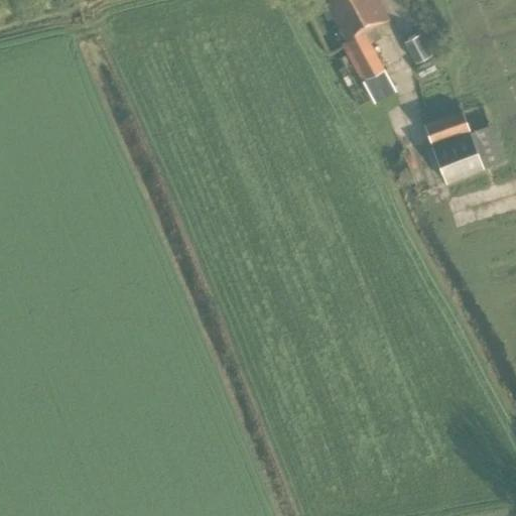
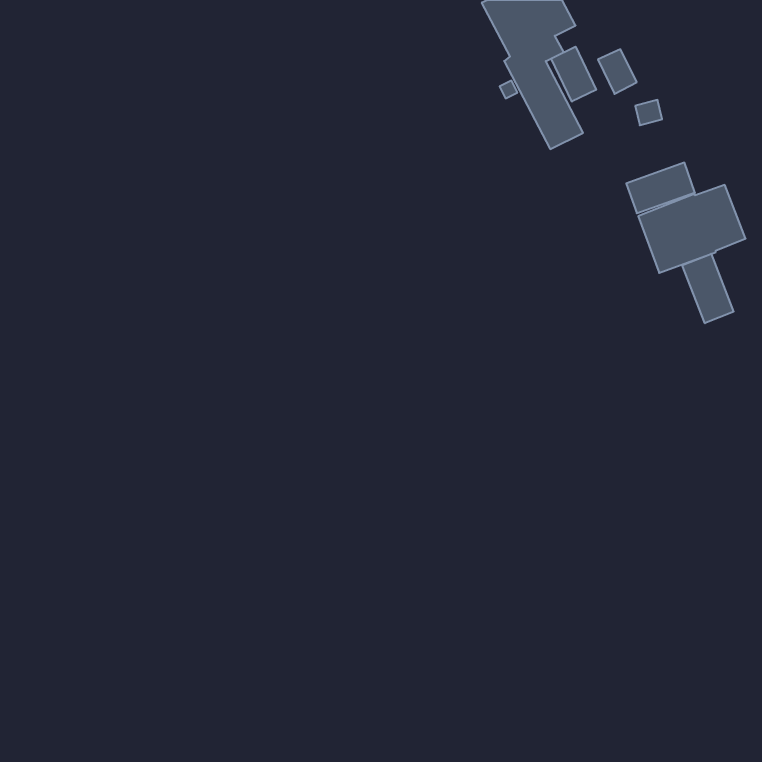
building: none -> [551,47,596,102]
building: none -> [682,254,734,323]

